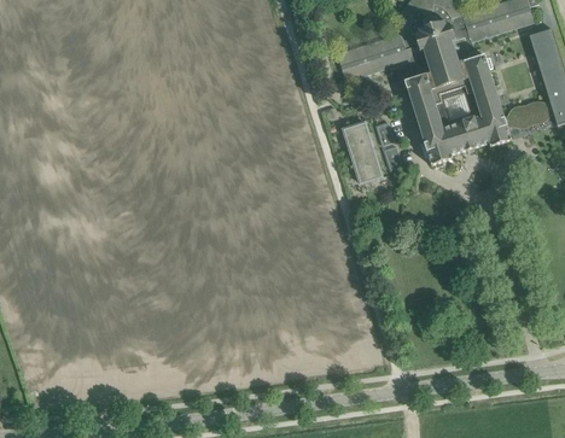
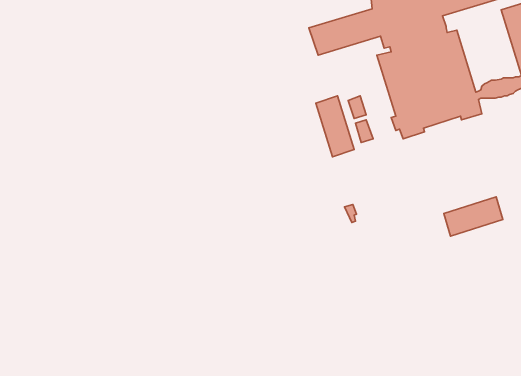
building: none -> [444,197,503,236]

